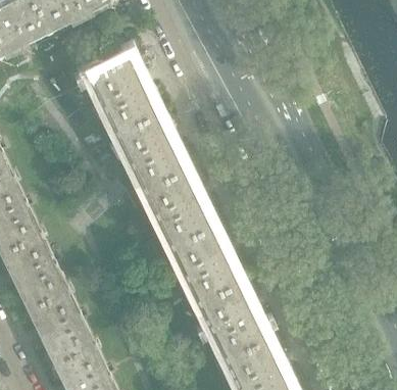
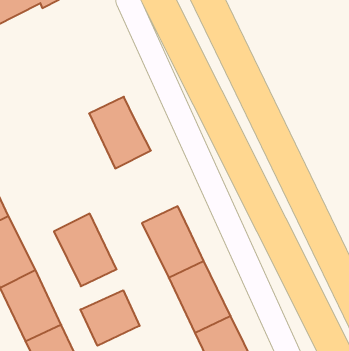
building: [91,55,155,131] -> none
building: [146,168,210,243] -> [54,214,117,286]
building: none -> [80,290,140,346]

